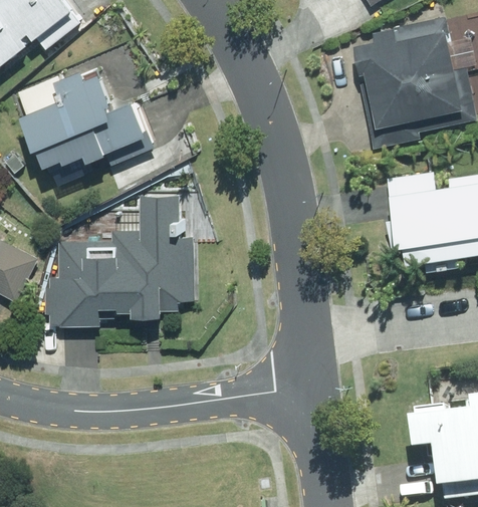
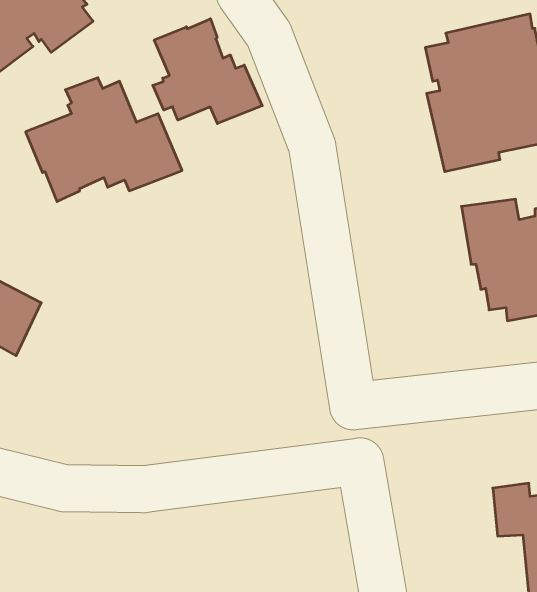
building: none -> [153,19,262,124]
building: [42,193,192,330] -> none

